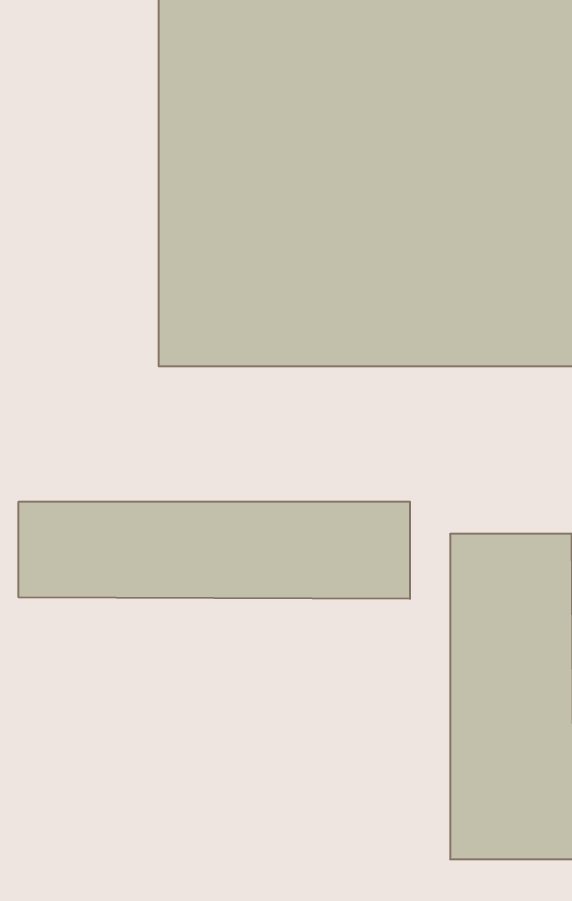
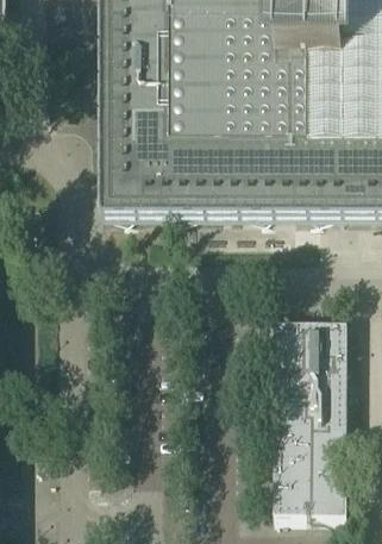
building: [19,502,410,599] -> none

